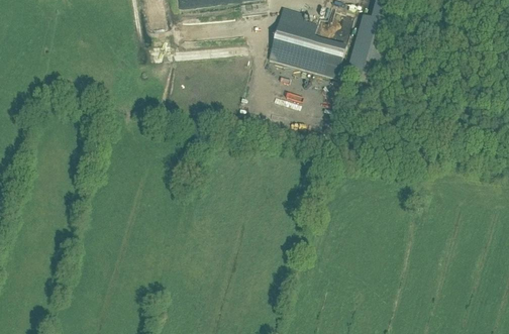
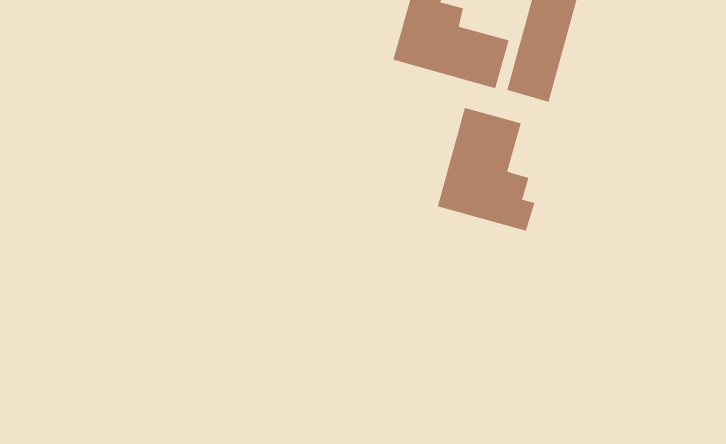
building: none -> [437,107,535,231]

